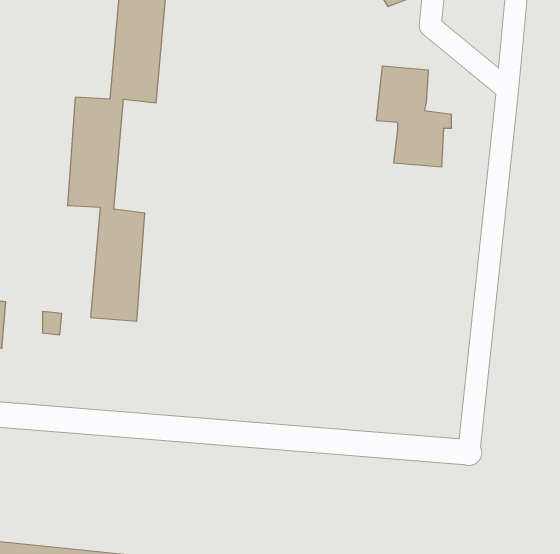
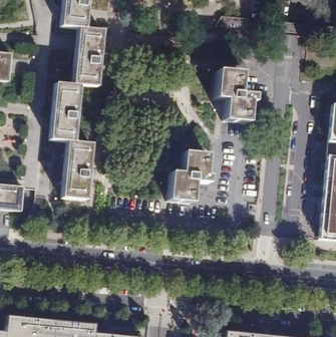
building: none -> [167,151,208,201]

